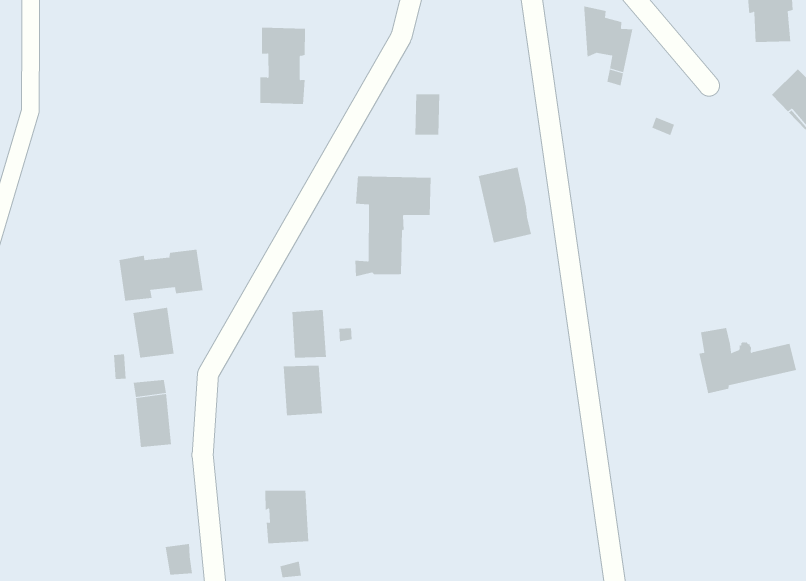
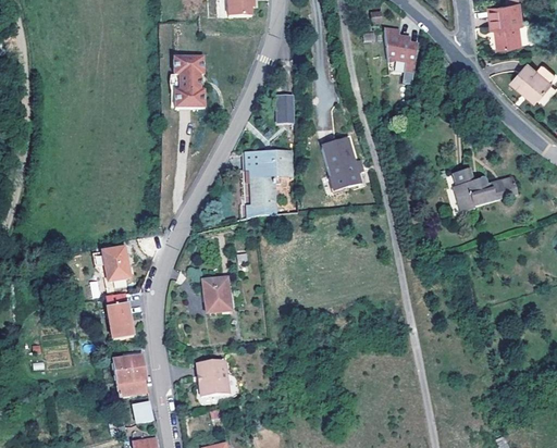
building: [119,249,203,302] -> none
building: [292,309,326,358] -> none
building: [699,327,797,394] -> [453,167,518,212]
building: none -> [112,354,147,396]

